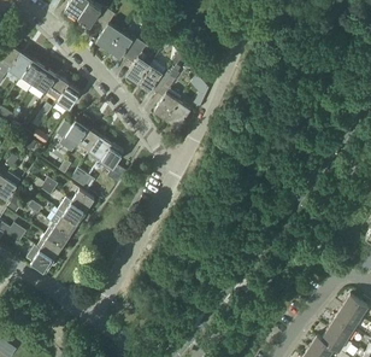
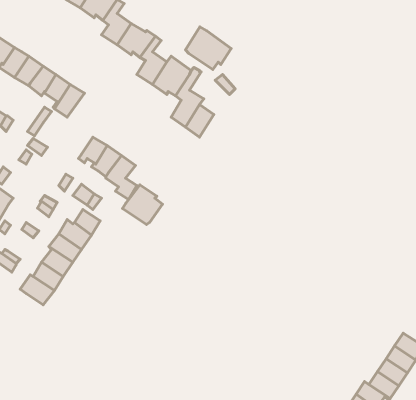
building: none -> [186,27,231,70]
building: [58,118,88,150] -> none
building: none -> [123,185,163,224]

